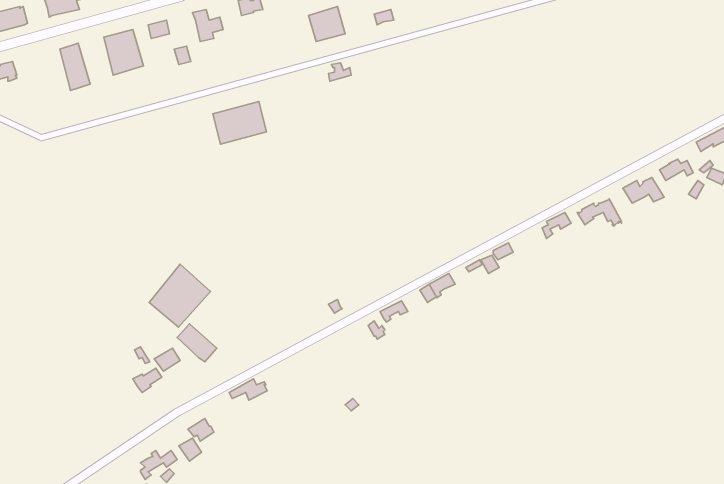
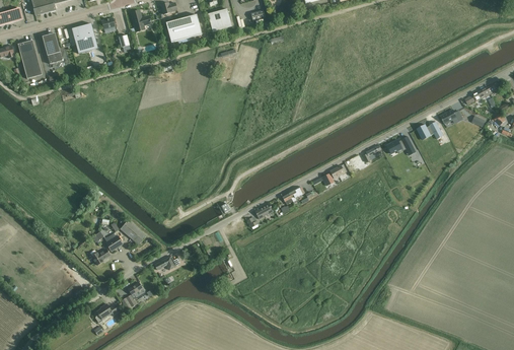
building: none -> [18,39,43,77]
building: [213,101,266,144] -> [166,13,202,42]
building: [149,264,210,327] -> none

